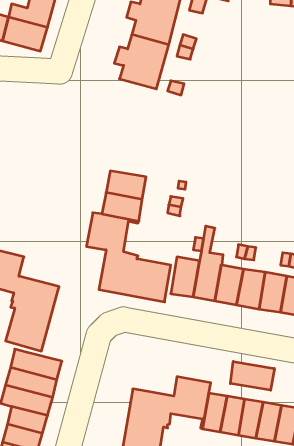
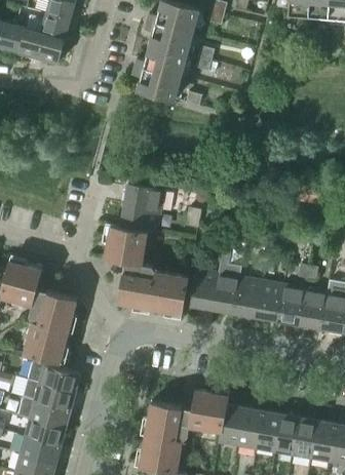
building: [230,361,274,390] -> none

